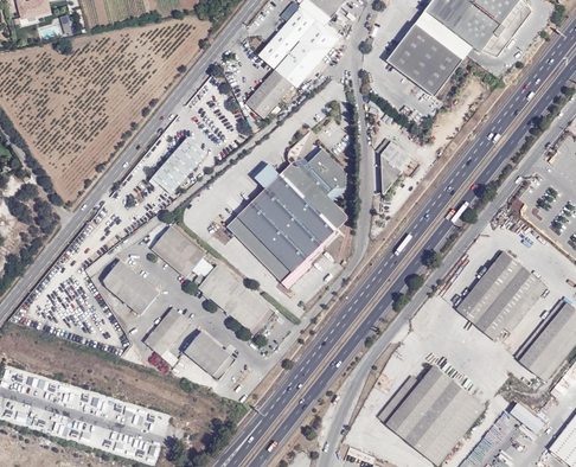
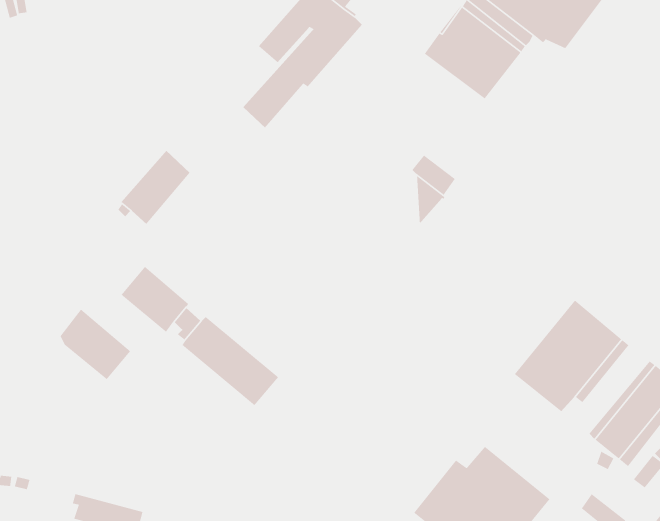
building: [226,146,346,289] -> none
building: [143,307,190,365] -> none
building: [184,331,236,379] -> none

